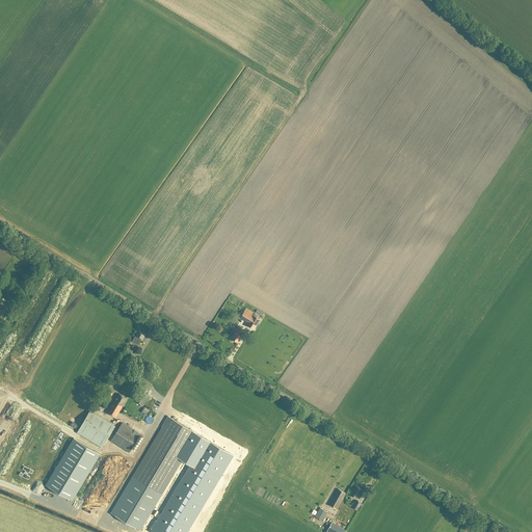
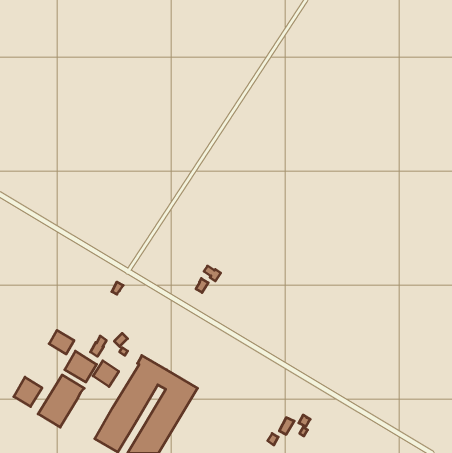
building: none -> [49,330,74,354]
building: none -> [14,377,42,407]

